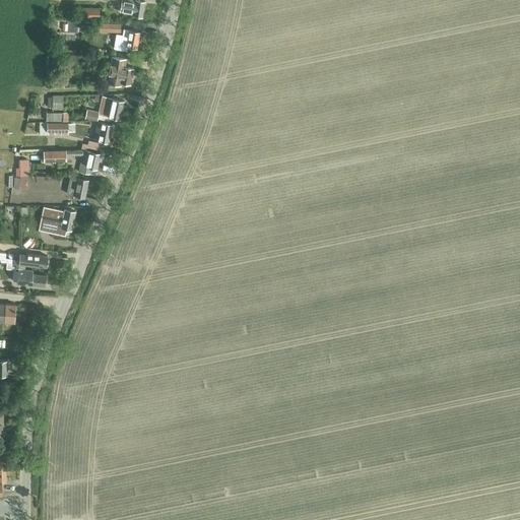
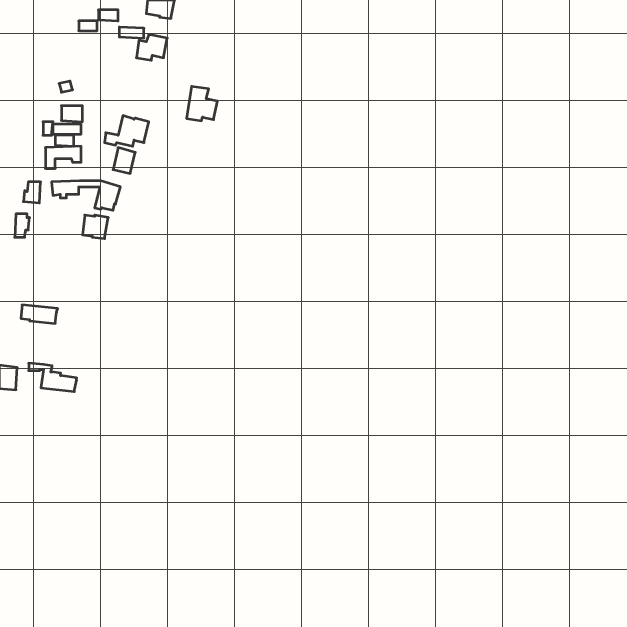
building: [107,57,132,85] -> [187,86,217,121]
building: [38,208,74,234] -> none
building: [5,263,45,286] -> [29,363,77,392]

